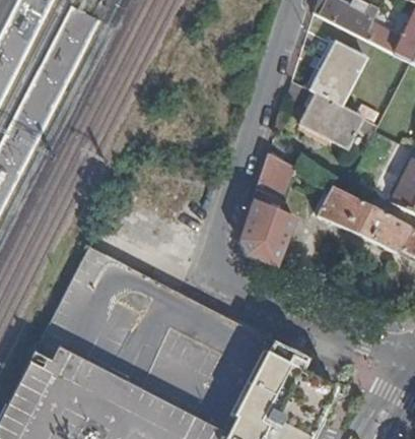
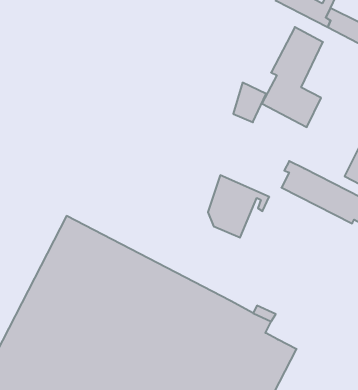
building: [259,155,294,198] -> [233,83,266,122]

